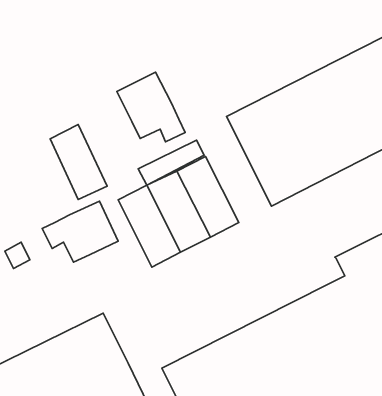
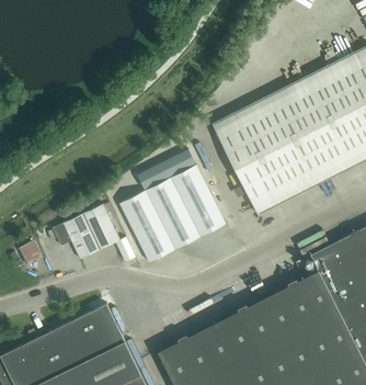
building: [117,72,185,142] -> none
building: [50,125,107,200] -> none

